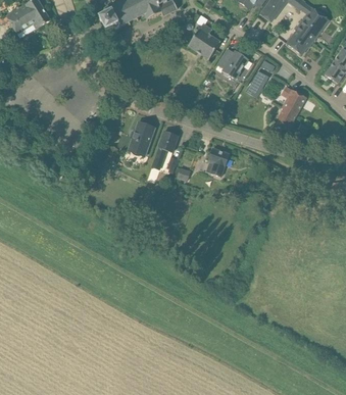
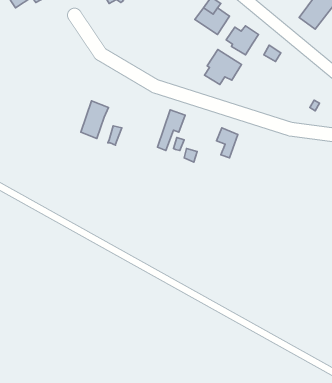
building: none -> [205,49,241,85]
building: [276,86,305,128] -> none
building: [128,121,154,157] -> [81,101,109,139]

